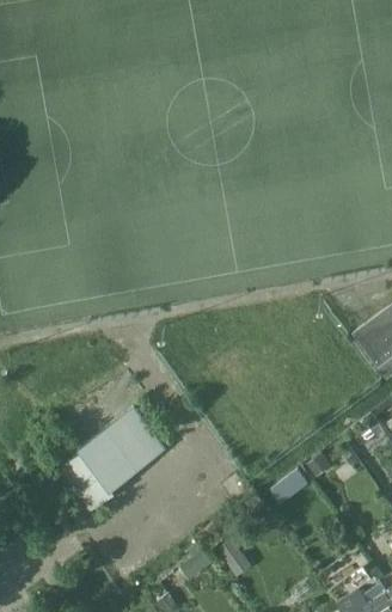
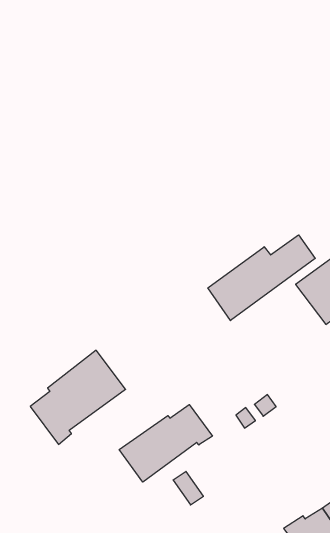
building: none -> [208,235,315,321]
building: none -> [119,405,212,482]

